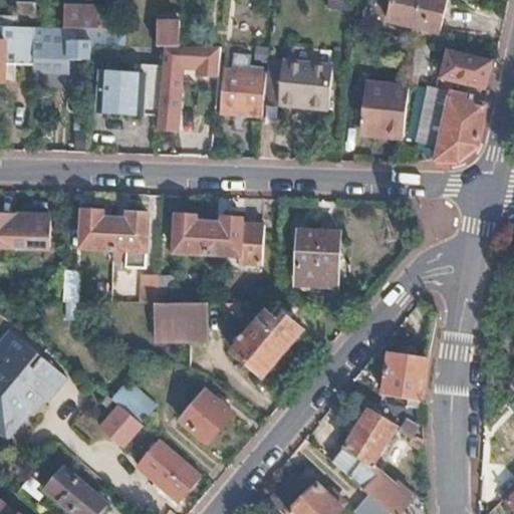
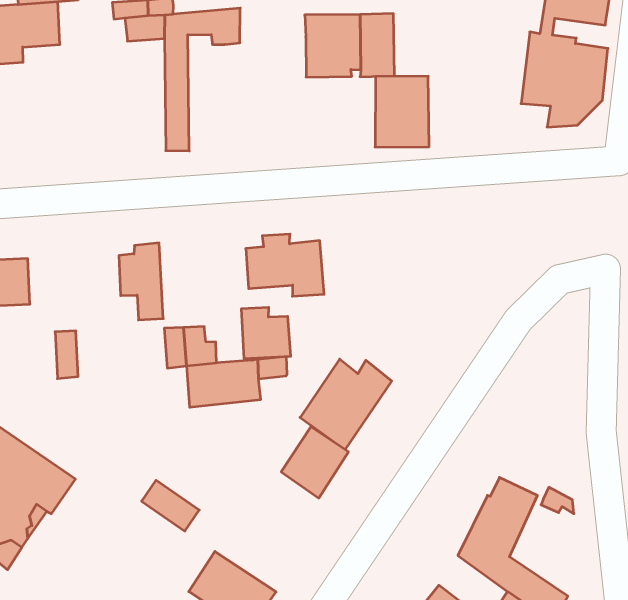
building: [99,57,159,113] -> none
building: [220,69,266,115] -> none
building: [362,80,407,136] -> [375,76,429,147]
building: [77,210,113,247] -> none
building: [171,214,206,252] -> [241,307,291,359]
building: [295,233,337,286] -> none
building: [381,354,426,400] -> none
building: [181,391,231,443] -> [281,427,348,498]
building: [99,395,140,443] -> none

